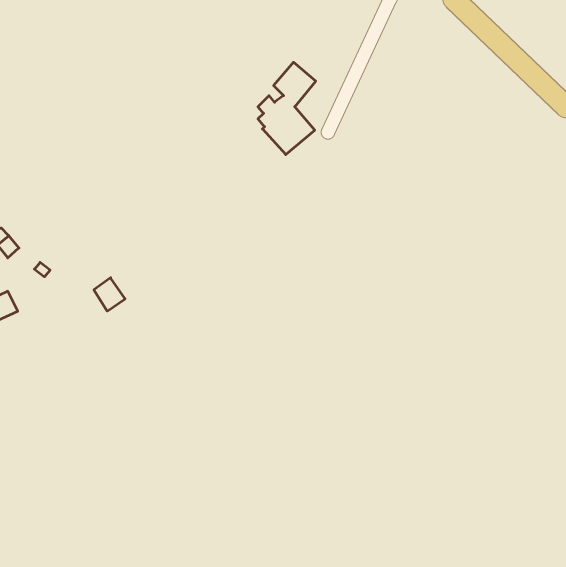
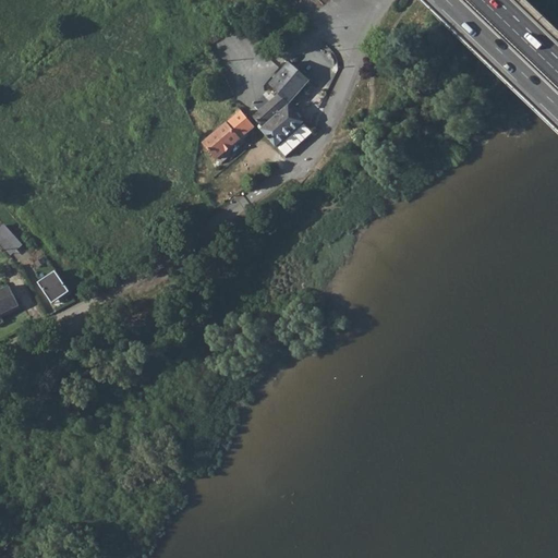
building: none -> [203,110,255,162]
building: [94,278,125,311] -> [38,270,69,303]

